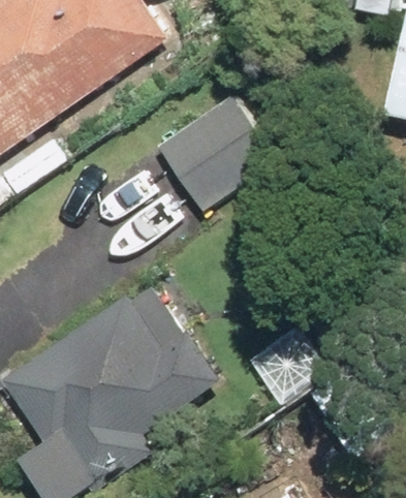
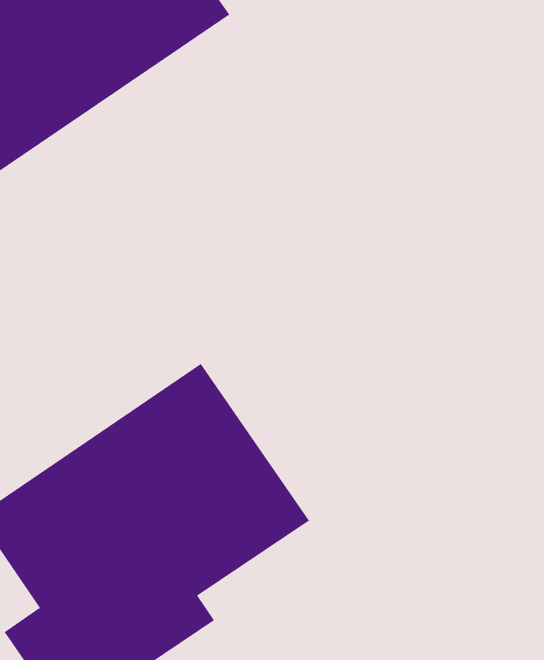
building: [152,92,275,212] -> none

